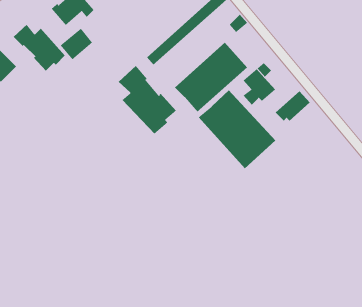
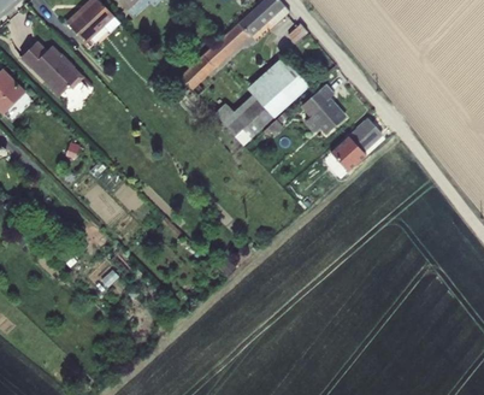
building: [60,28,93,60] -> none
building: [118,65,177,135] -> none
building: [198,89,276,169] -> none

